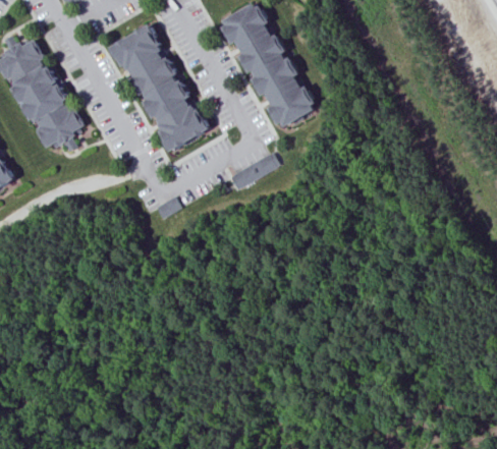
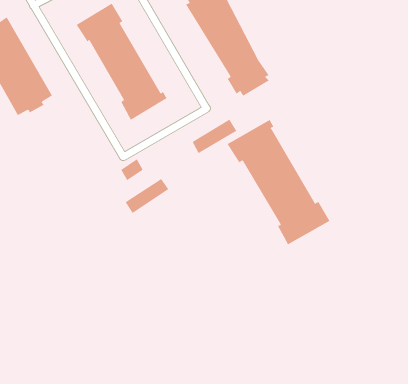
building: none -> [227,119,330,245]
building: none -> [125,178,169,214]

